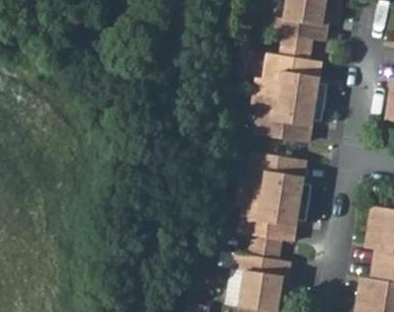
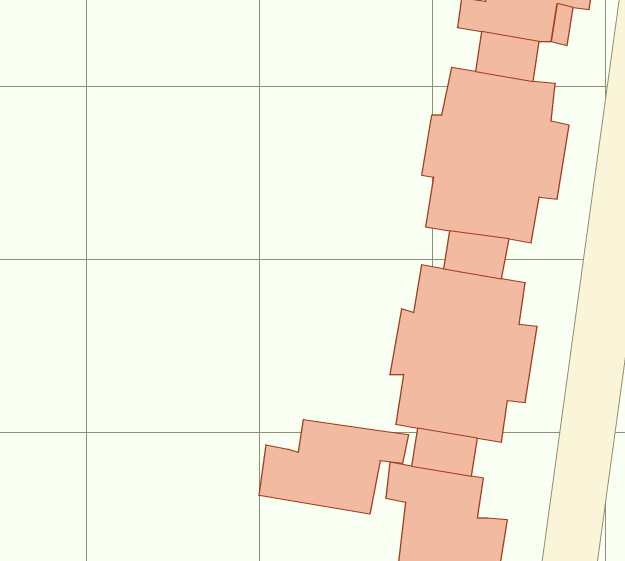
building: none -> [259,419,409,514]

